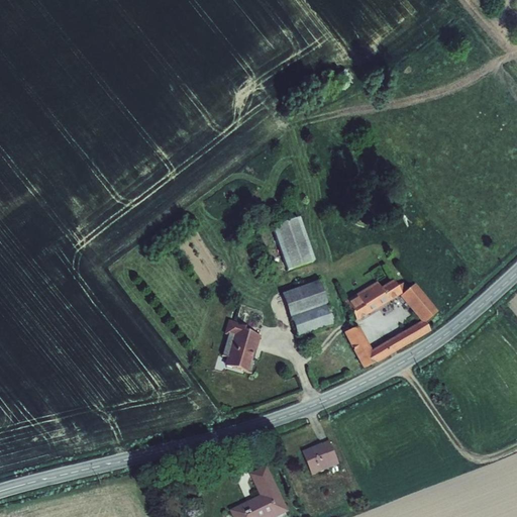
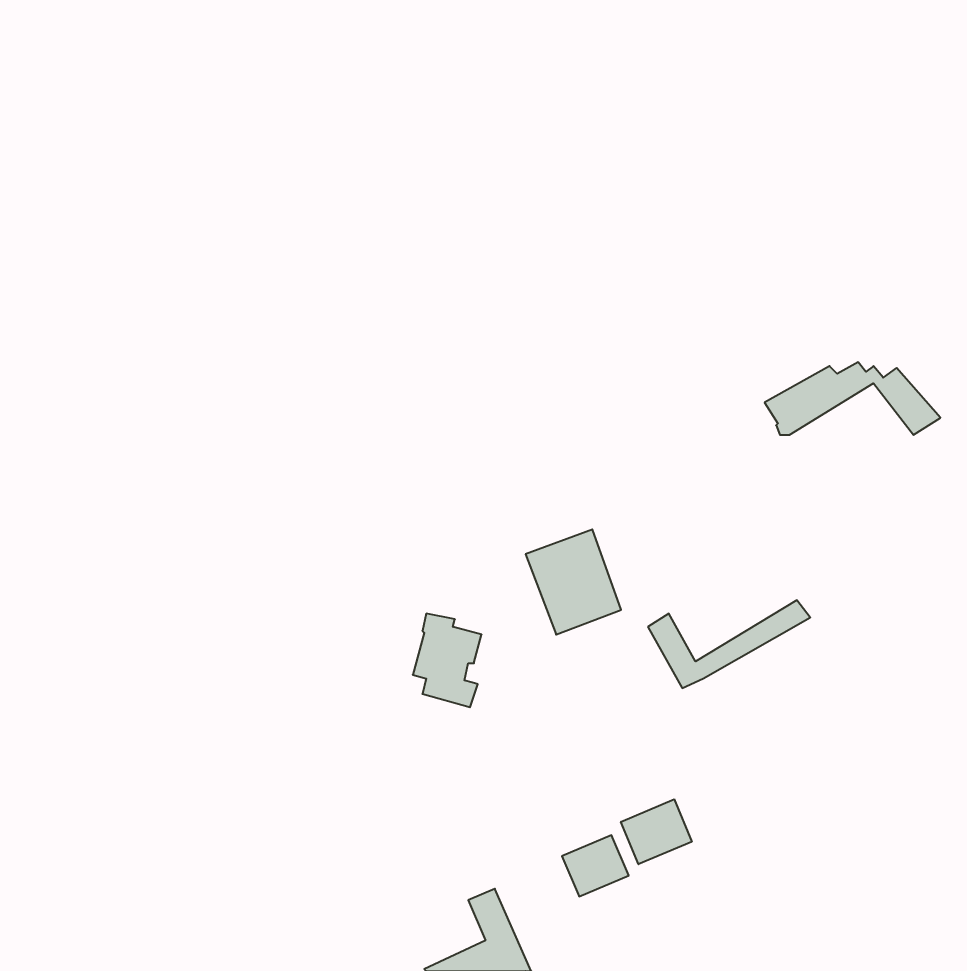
building: [272,218,313,270] -> none
building: [347,279,440,317] -> [765,362,940,435]
building: none -> [621,799,692,864]

